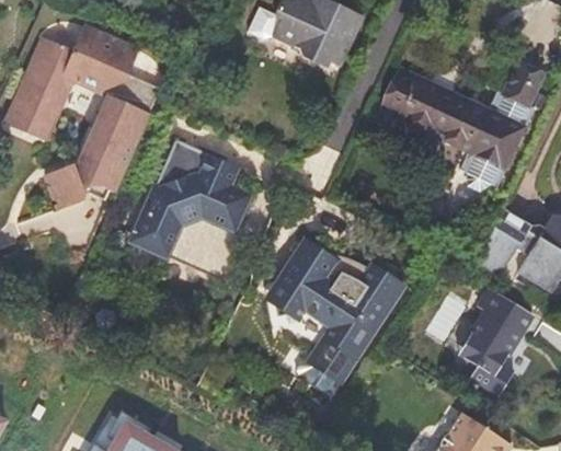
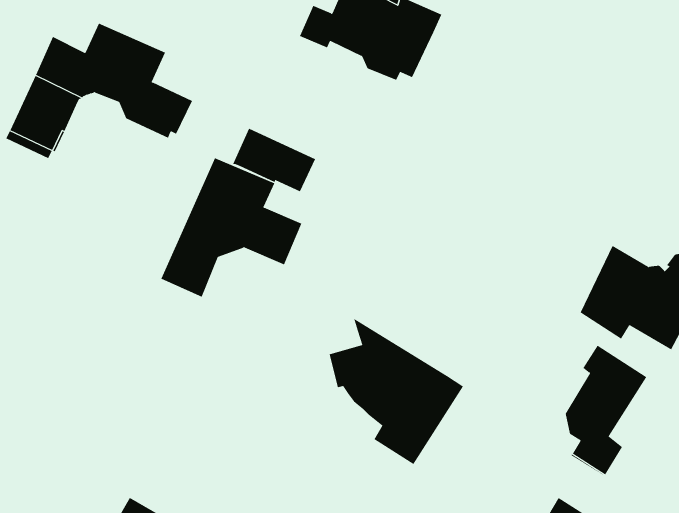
building: [385,67,541,190] -> none
building: [49,103,142,207] -> none
building: none -> [232,128,316,192]
building: [290,222,403,321] -> none

